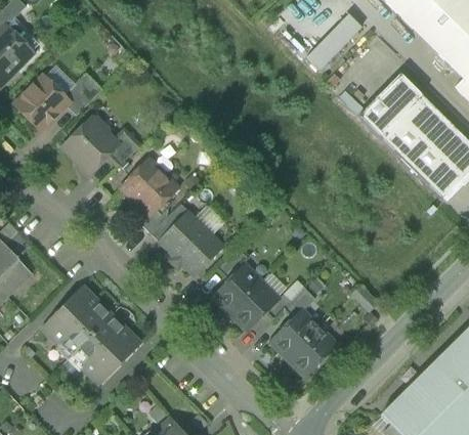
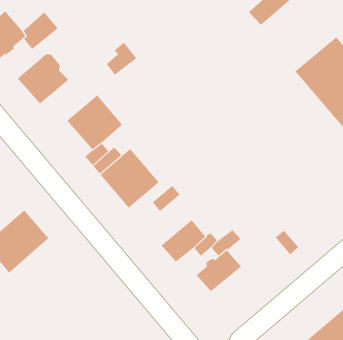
building: [106,130,139,167] -> [106,42,137,76]
building: [213,265,261,313] -> none
building: [71,315,140,385] -> none
building: [288,329,336,376] -> none

